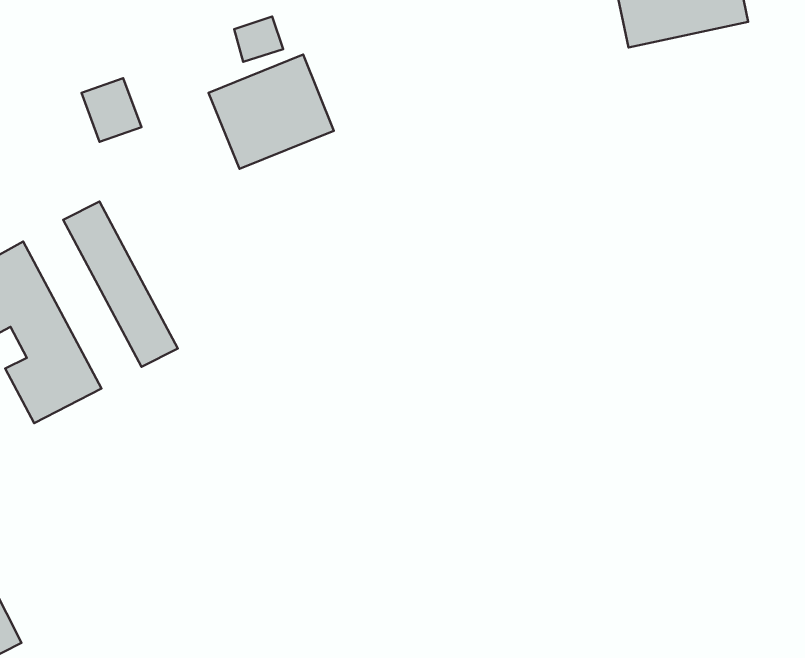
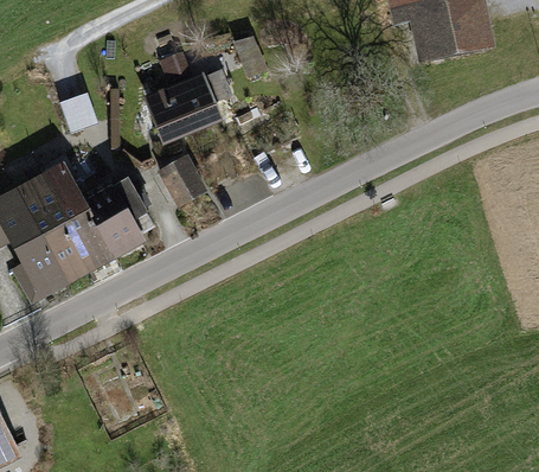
building: none -> [156,149,208,204]
building: none -> [21,174,98,285]
building: none -> [90,183,150,259]

